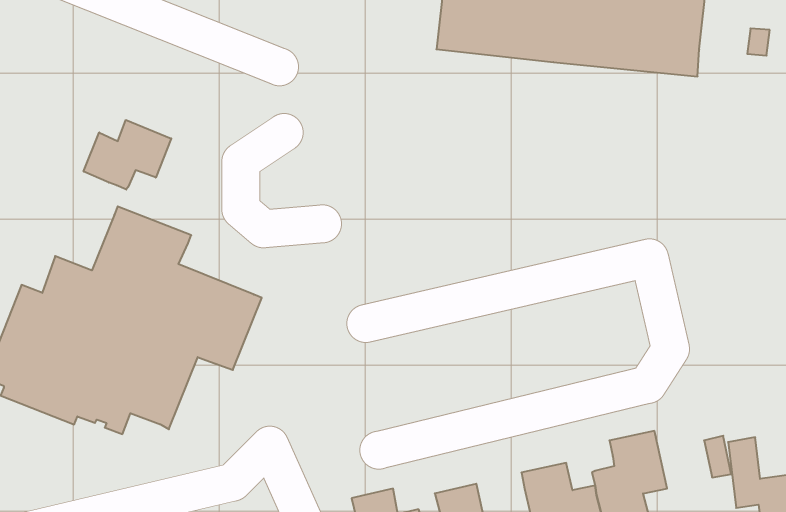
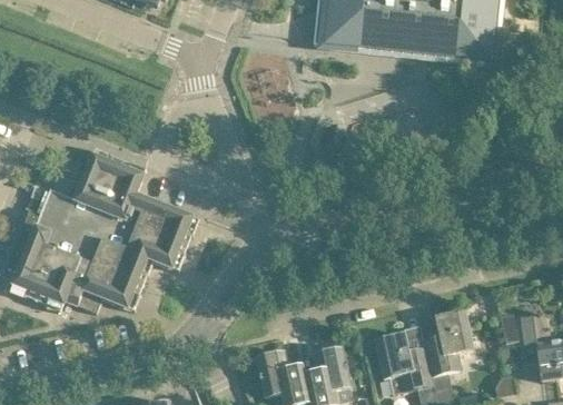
building: [84,120,171,190] -> none

